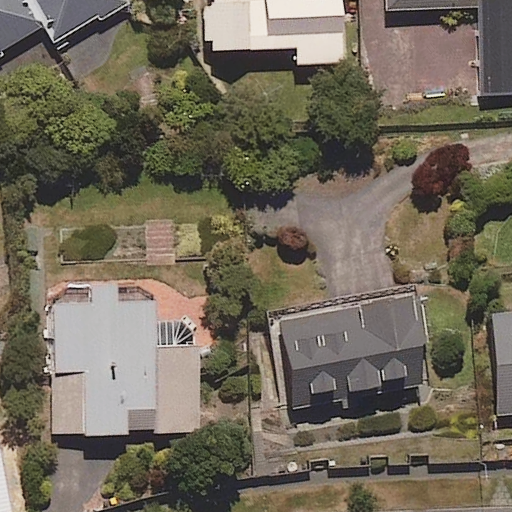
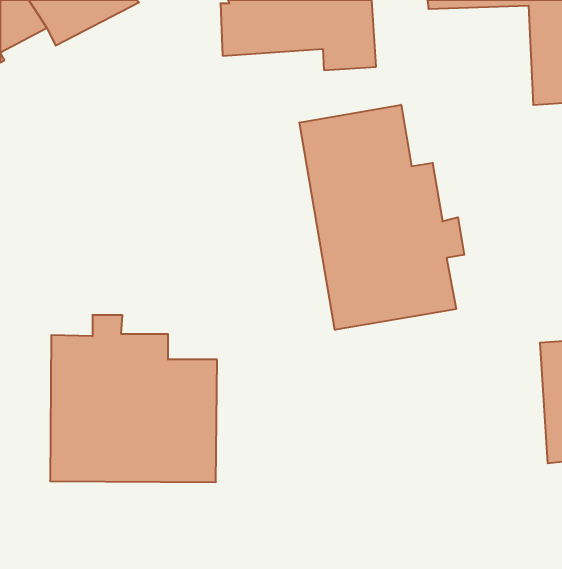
building: none -> [299,105,464,330]
building: [272,293,427,404] -> none

